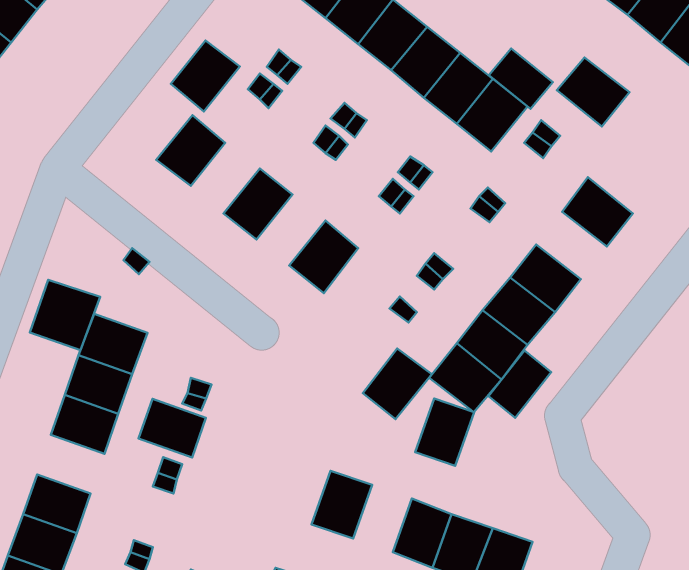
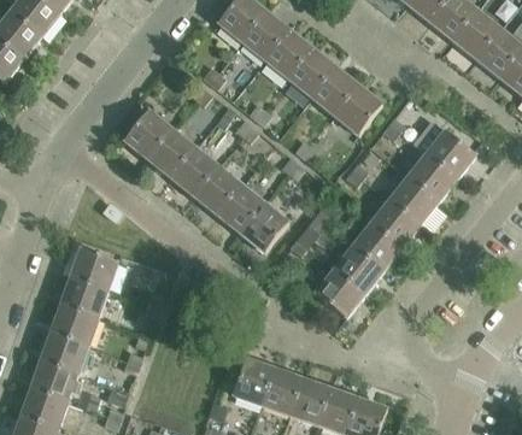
building: [171,41,240,111] -> [147,129,195,178]
building: [489,48,553,109] -> none
building: [557,57,629,127] -> [424,130,475,178]
building: none -> [193,165,241,214]
building: none -> [388,177,438,224]
building: [30,280,100,350] -> none
building: [363,348,432,419] -> [240,202,288,252]
building: [488,350,551,418] -> none
building: [415,398,474,466] -> [260,368,301,415]
building: [139,399,206,458] -> [40,333,87,374]

